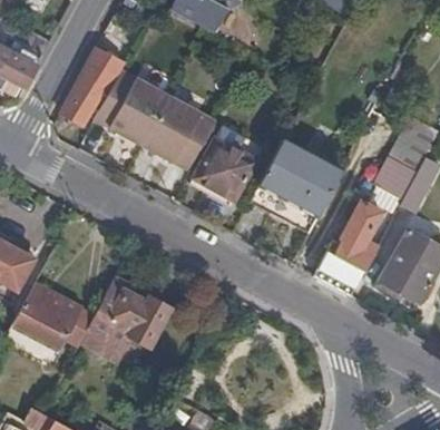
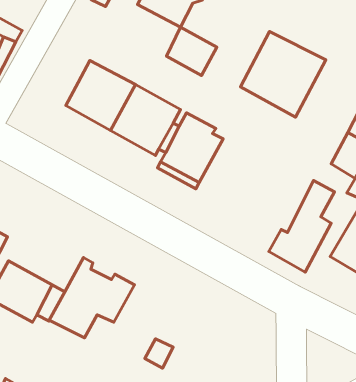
building: none -> [166,27,217,76]
building: [61,47,126,124] -> none
building: [251,139,342,231] -> [240,32,326,117]

